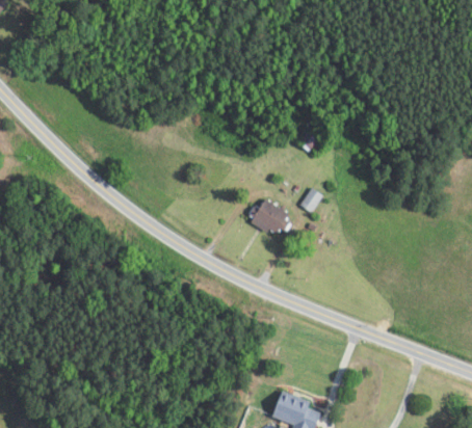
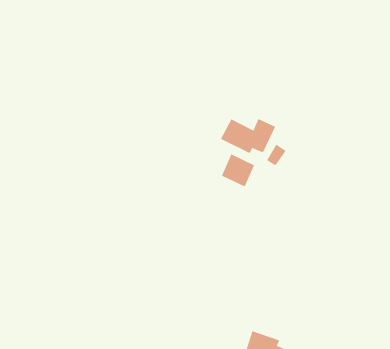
building: none -> [220,118,276,154]

